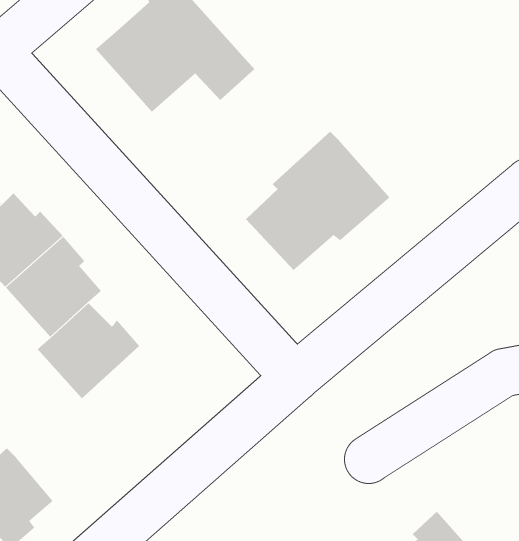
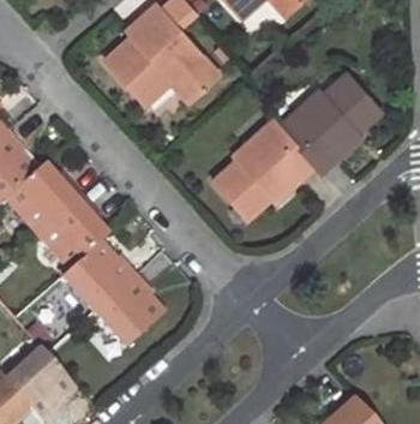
building: none -> [278,73,380,173]
building: none -> [94,274,163,348]

